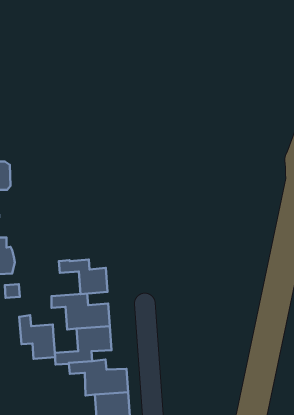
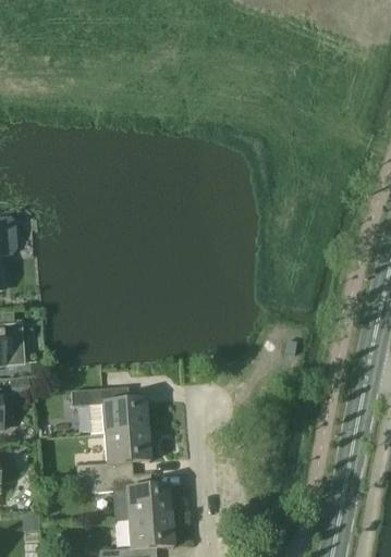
building: [59,260,108,294] -> none
building: [19,315,55,359] -> none

